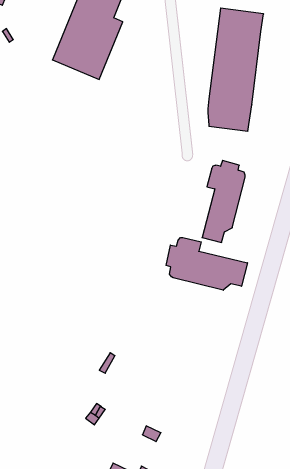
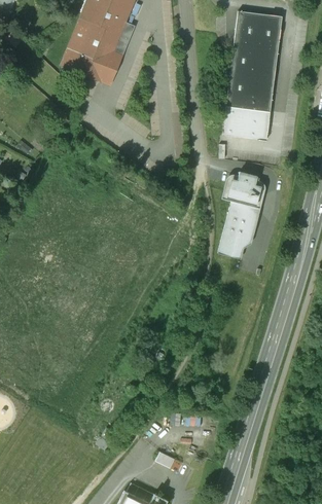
building: [166,238,247,290] -> none

